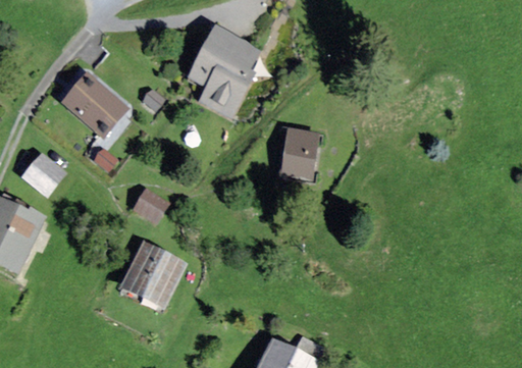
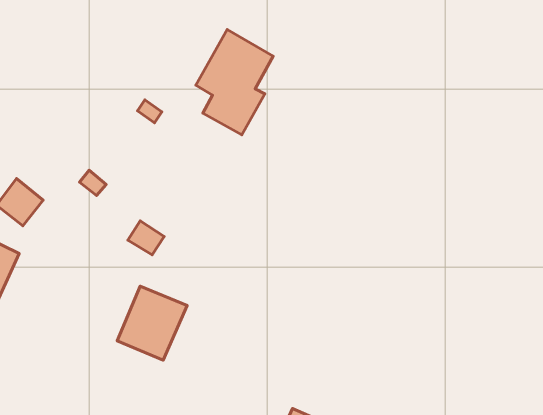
building: [62,74,122,134] -> none
building: [284,127,314,176] -> none

